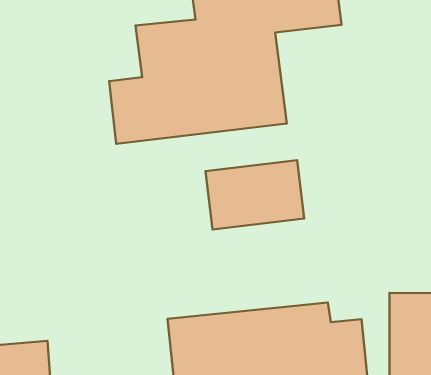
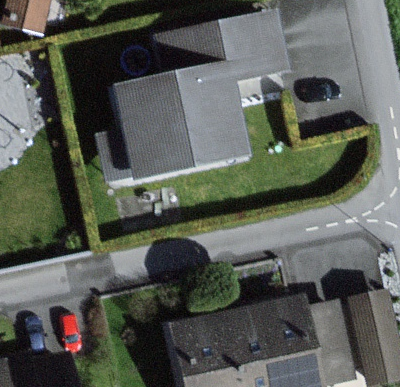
building: [205,160,304,230] -> none

